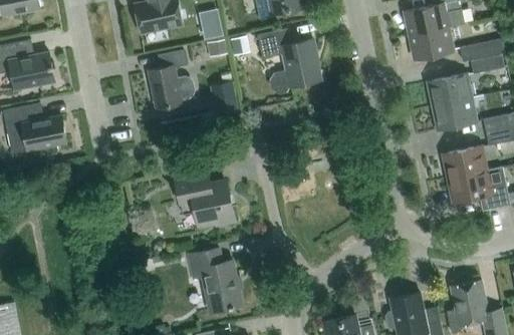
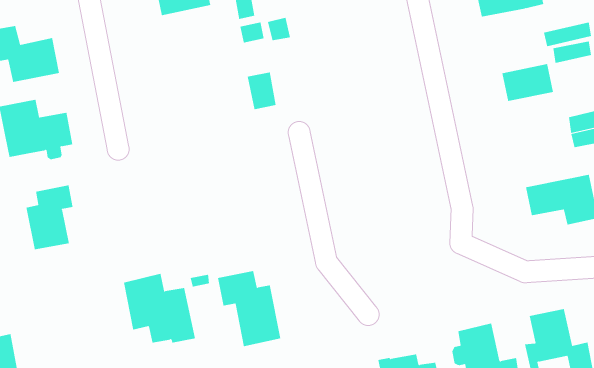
building: [258,28,321,92] -> none
building: [411,28,454,60] -> none
building: [149,51,194,108] -> none
building: [433,98,477,130] -> none
building: [443,146,487,179] -> none
building: [174,170,235,229] -> [123,273,196,343]
building: none -> [26,184,73,250]

